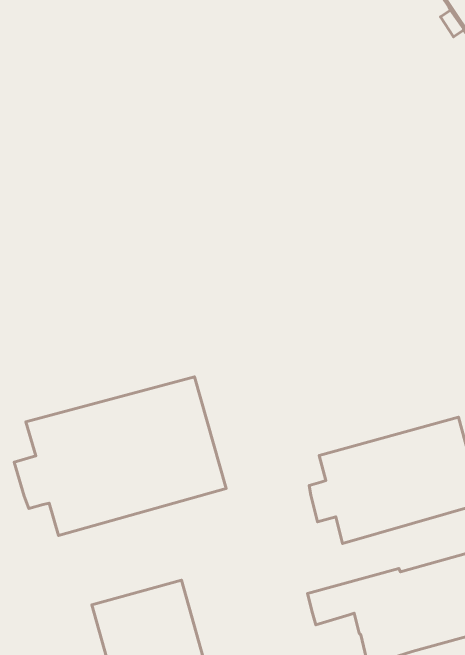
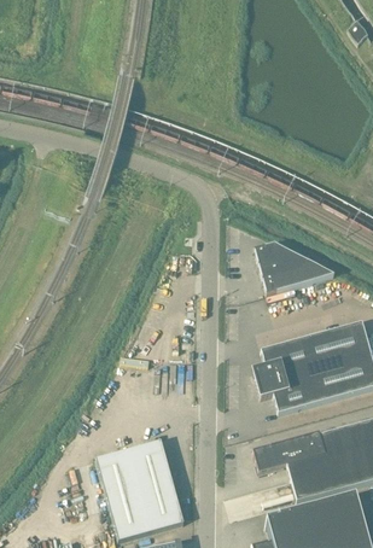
building: none -> [256,243,336,293]
building: [14,377,226,535] -> none

